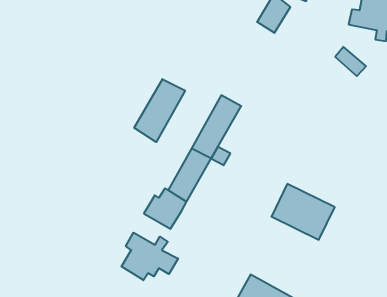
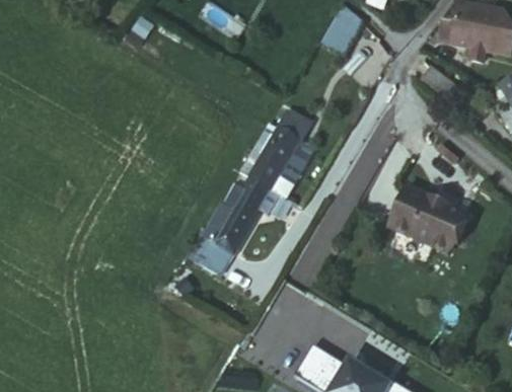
building: [134,79,185,142] -> none
building: [271,184,335,240] -> [386,185,463,253]
building: [121,233,178,280] -> none

